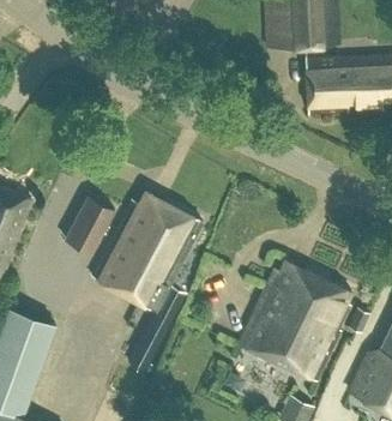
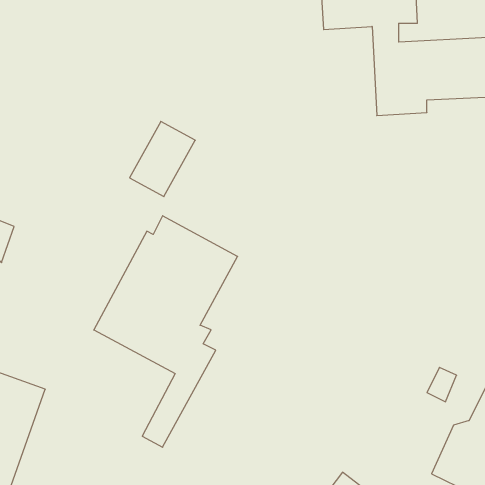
building: [64,197,114,254] -> [130,121,195,197]
building: [239,261,352,381] -> none

